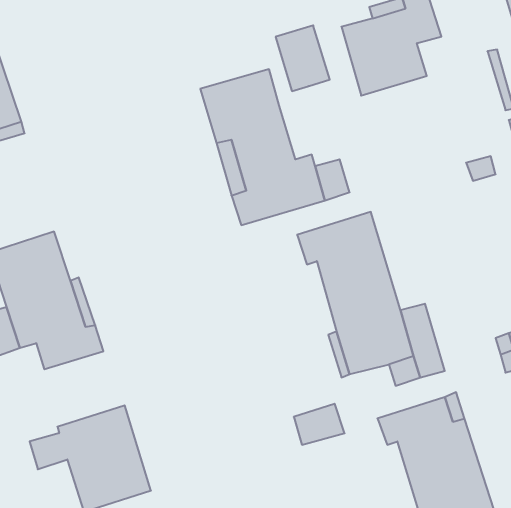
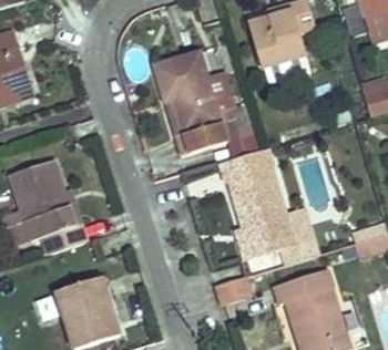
building: [276,25,330,91] -> [205,66,242,111]

